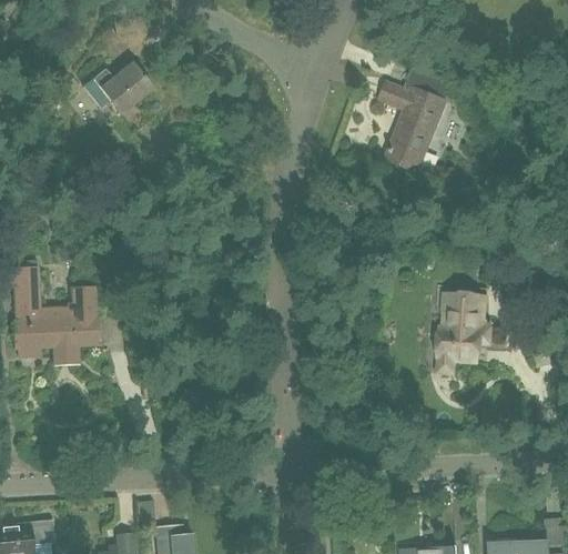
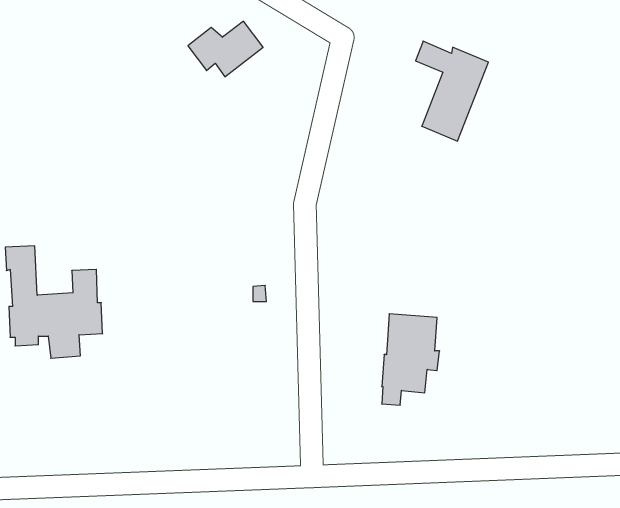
building: [84,62,152,112] -> [188,21,263,77]
building: [438,291,490,373] -> [382,314,440,405]

